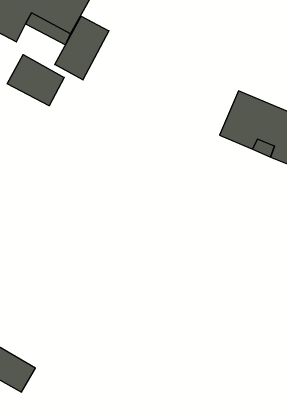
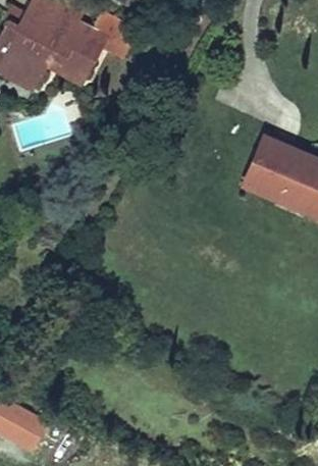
building: [55,16,109,80] -> none
building: [7,55,64,106] -> none

